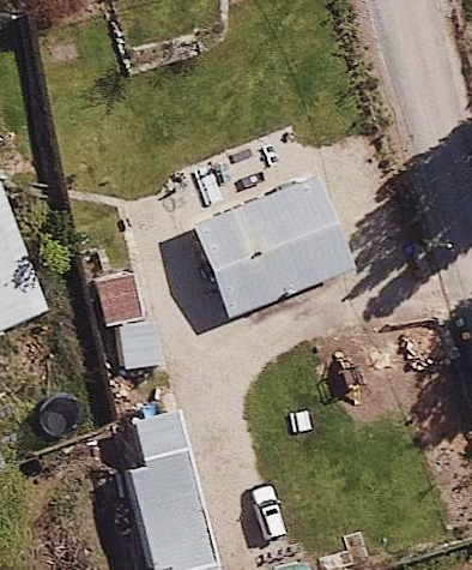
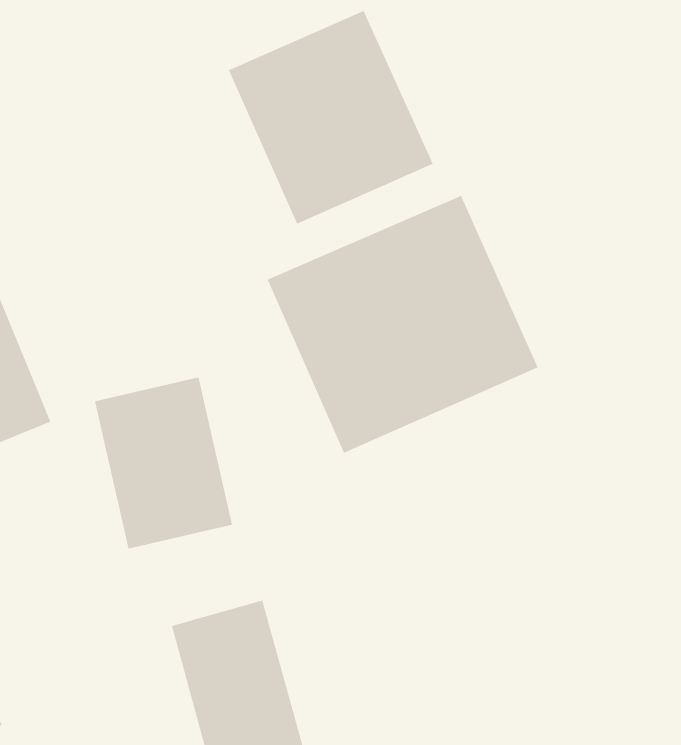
building: none -> [228,10,433,225]

